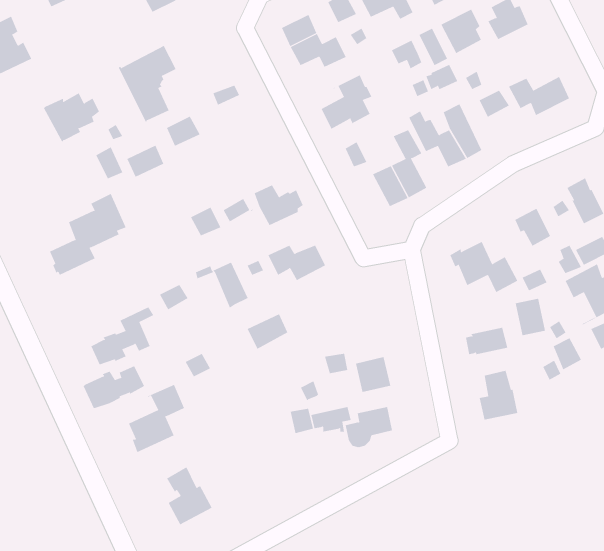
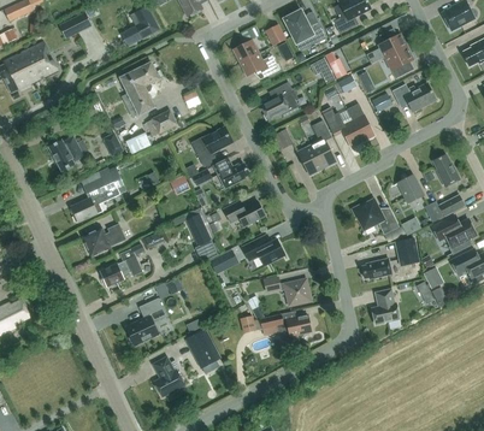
building: [441,9,482,54] -> [384,47,413,78]
building: [43,93,100,143] -> [47,136,87,171]
building: none -> [196,126,232,166]
building: none -> [241,234,284,265]
building: [83,366,145,409] -> [82,224,125,254]
building: none -> [183,330,216,370]

